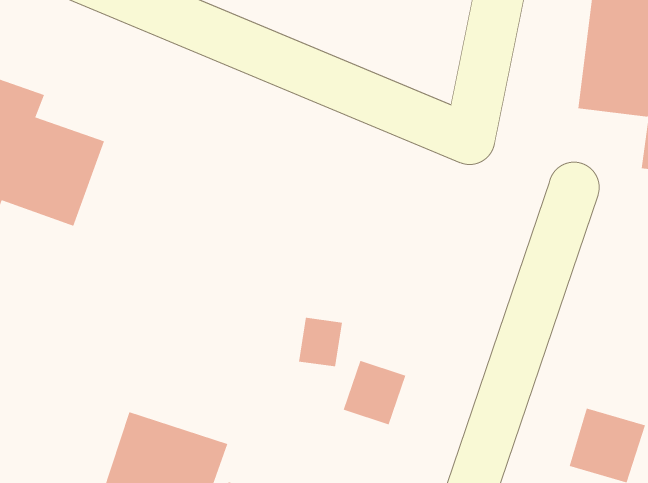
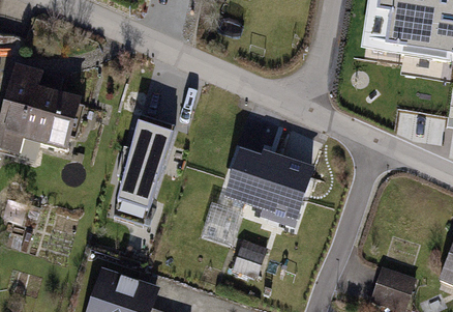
building: none -> [111,115,171,205]
building: none -> [221,145,310,223]

